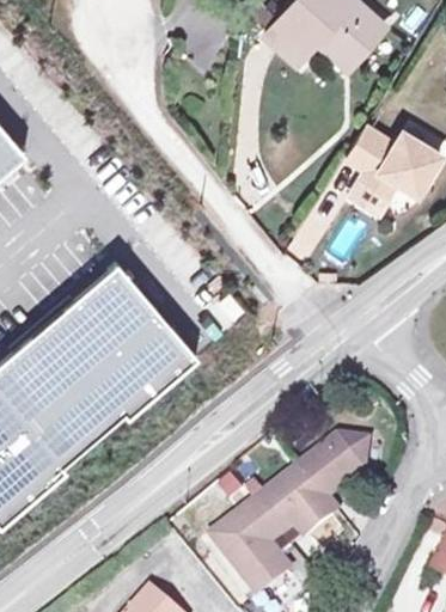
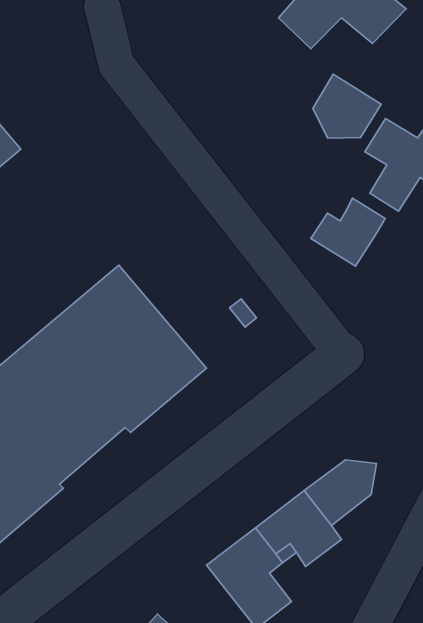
building: none -> [313,74,381,138]
building: none -> [311,198,385,266]

